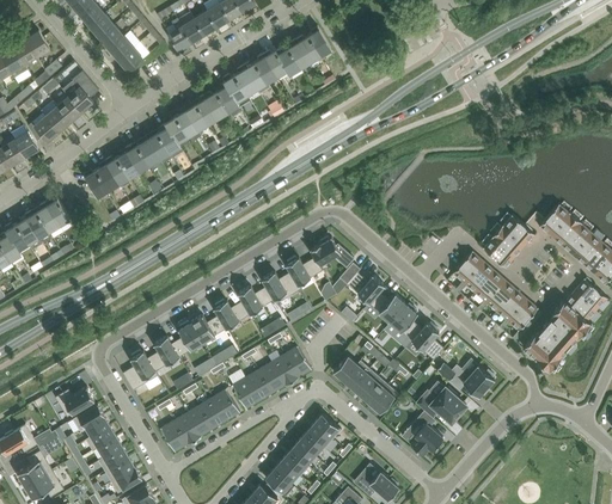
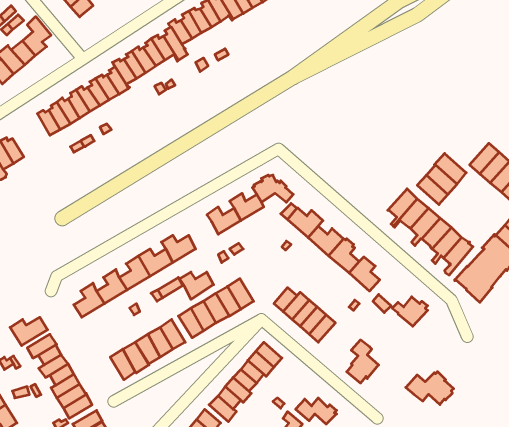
building: [238,287,274,315] -> [179,272,214,299]
building: [415,387,465,422] -> [406,372,454,405]

